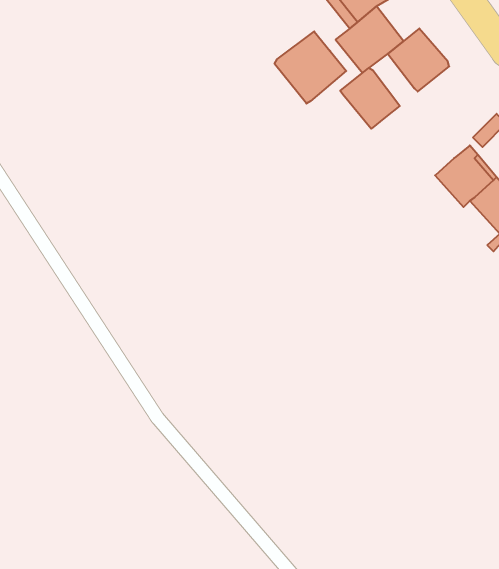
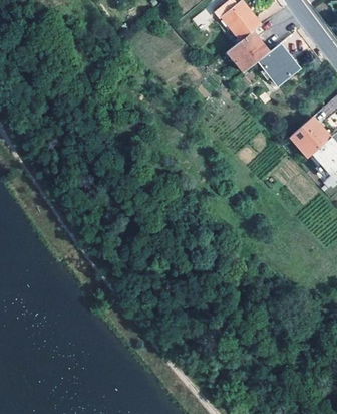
building: [275,31,346,104] -> none
building: [340,68,400,129] -> none

